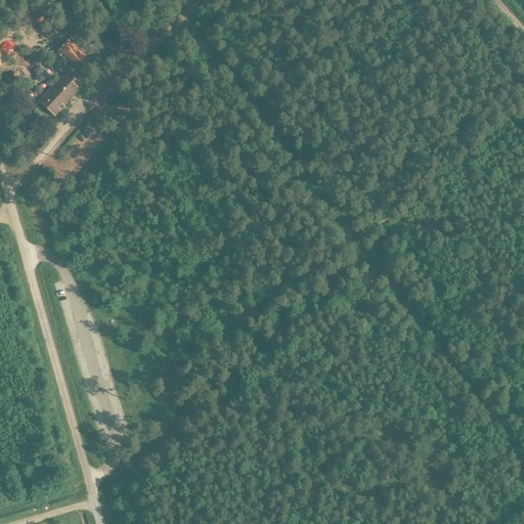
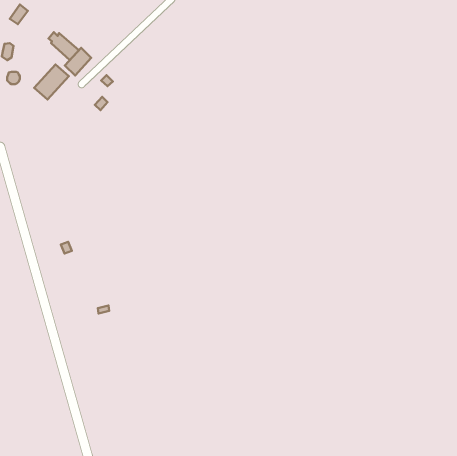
building: none -> [65,48,91,76]

